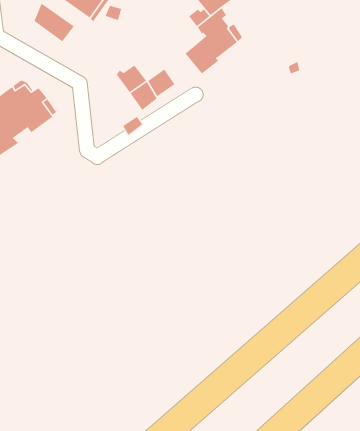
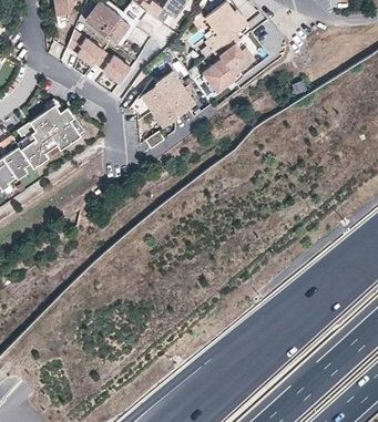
building: none -> [94,52,132,83]
building: none -> [144,73,184,101]

